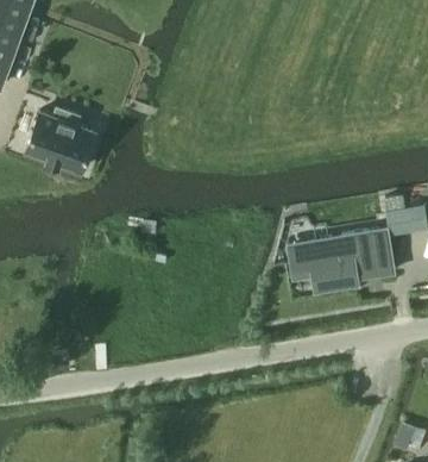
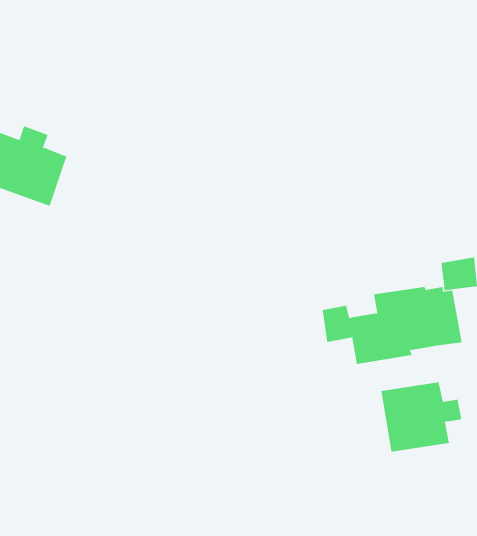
building: none -> [381,381,462,453]

